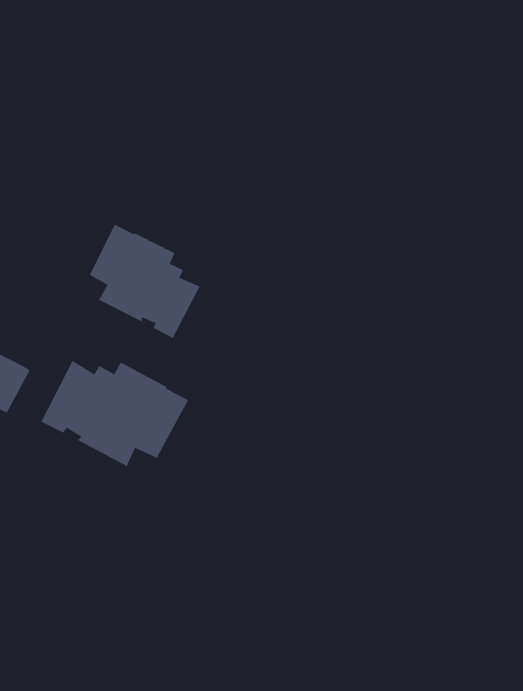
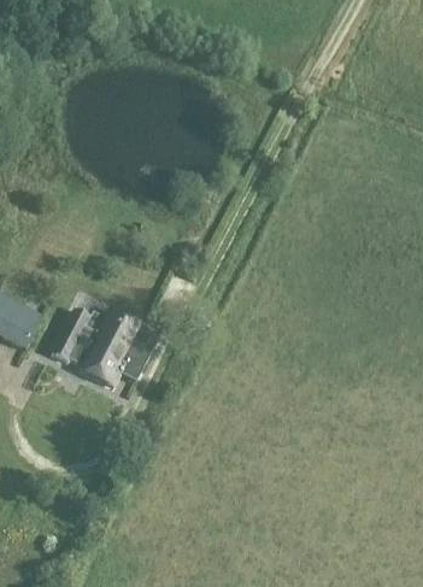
building: [89,224,200,339] -> none

